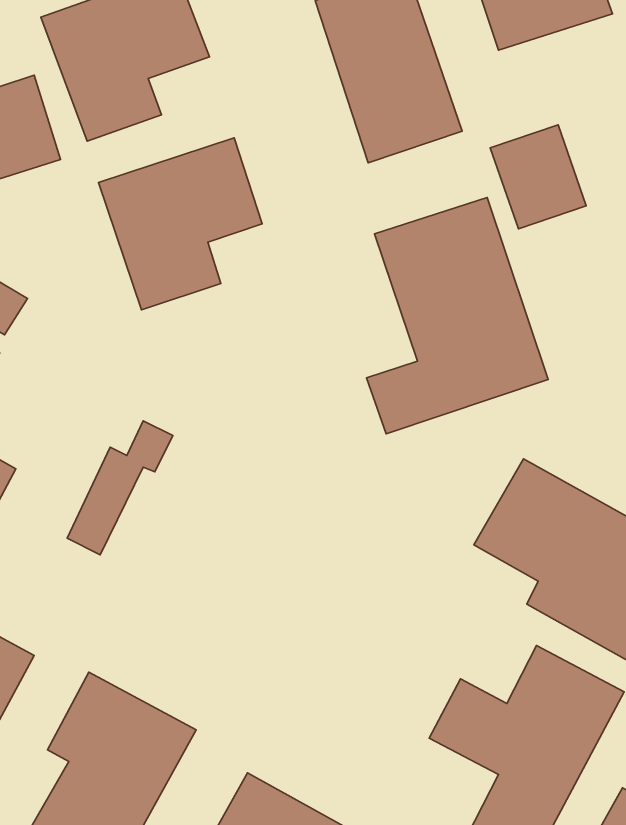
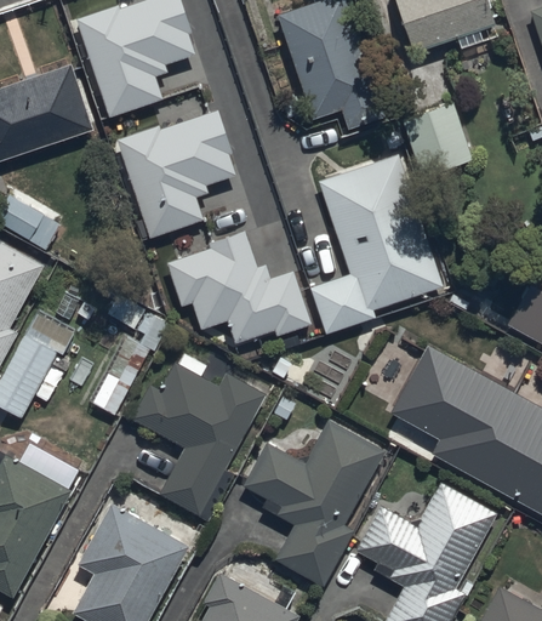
building: none -> [171,235,309,347]
building: none -> [131,355,267,515]
building: none -> [239,423,393,586]

